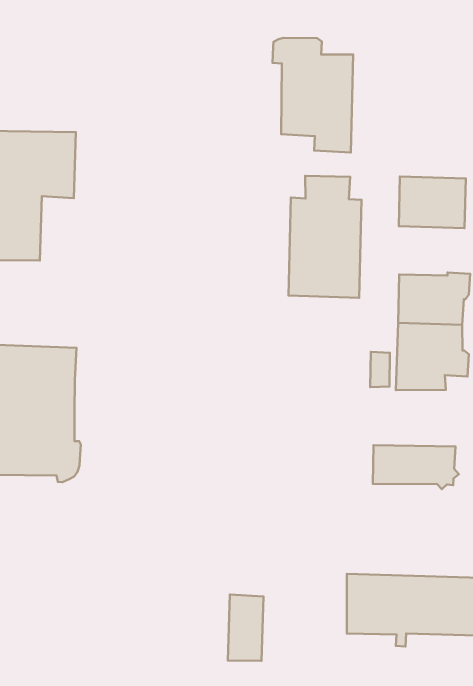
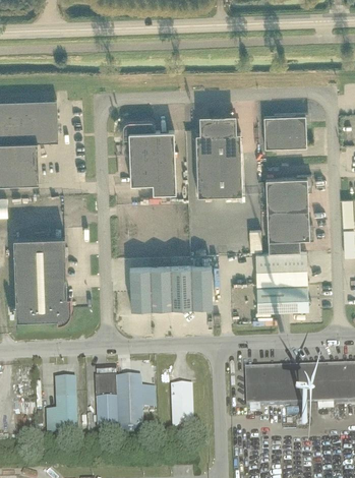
building: [272,38,353,153] -> [123,122,176,193]
building: none -> [255,252,307,285]
building: none -> [130,265,213,309]
building: none -> [46,381,77,435]
building: none -> [96,379,143,432]

